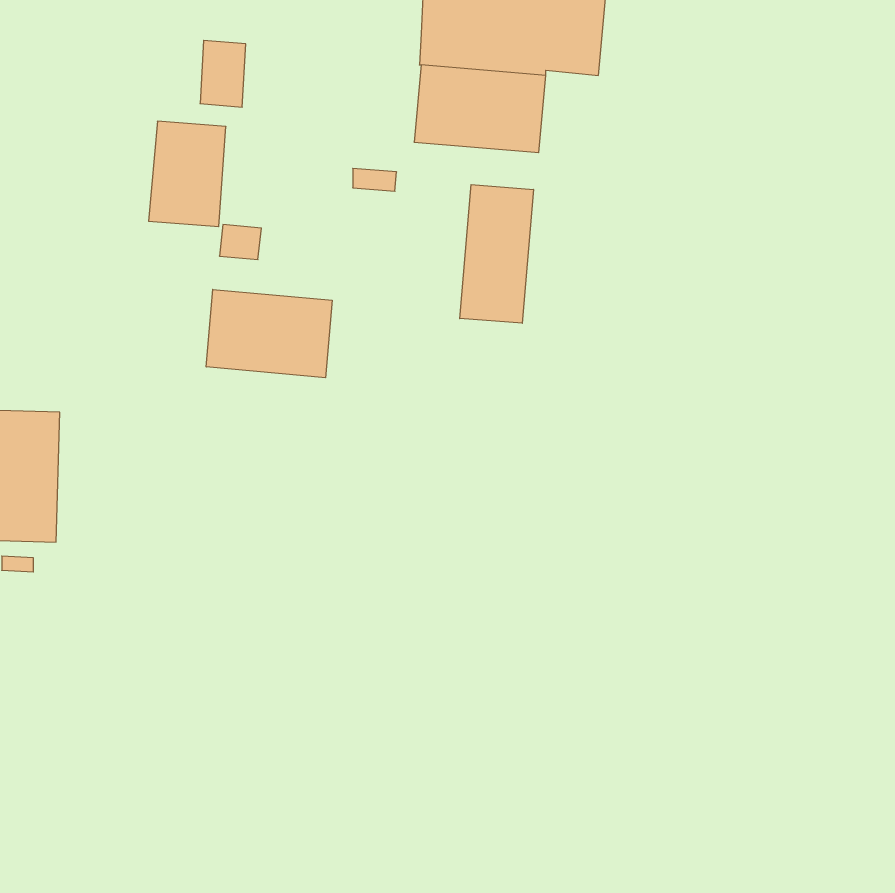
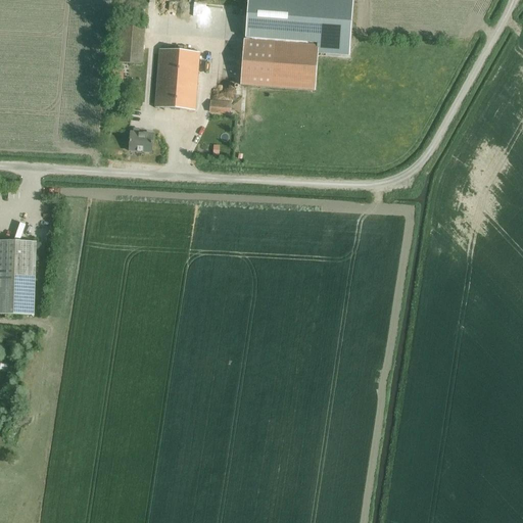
building: [149,121,226,227] -> [154,46,199,107]
building: [460,185,533,323] -> none
building: [206,289,332,378] -> none

